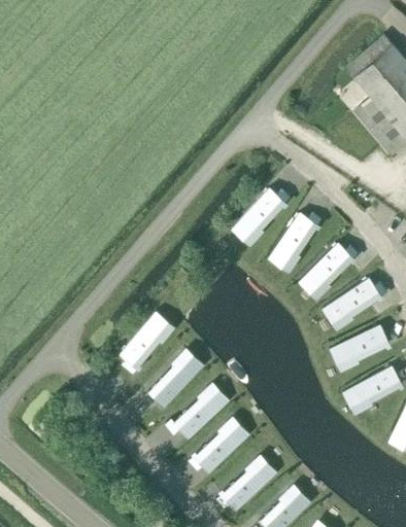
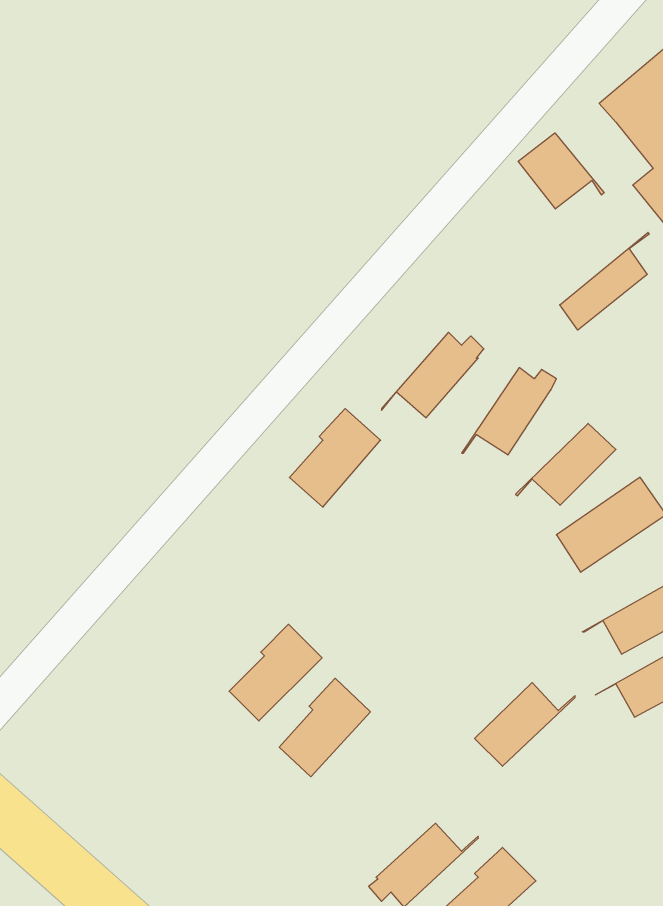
building: none -> [518,133,604,209]
building: none -> [560,232,649,330]
building: [124,314,174,368] -> [289,409,381,507]
building: [194,428,249,475] -> [475,683,575,766]

